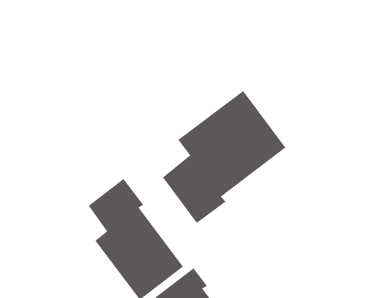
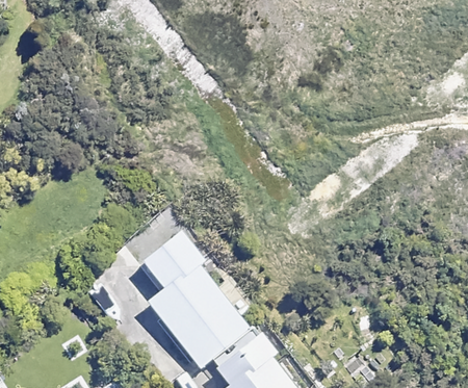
building: [162,90,286,224] -> none

